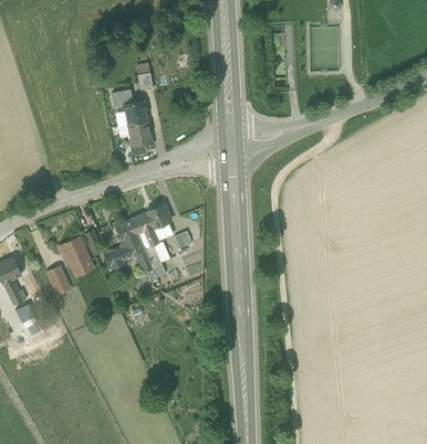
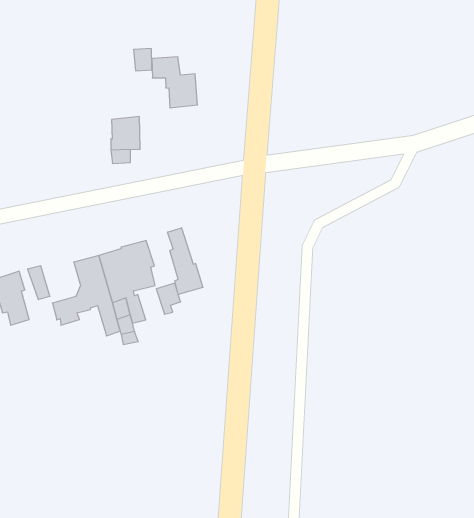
building: [112,89,147,125] -> [152,57,198,108]
building: none -> [168,228,203,294]

